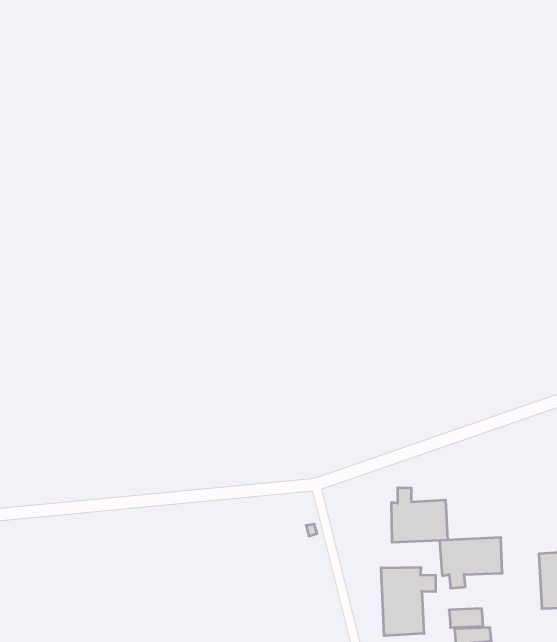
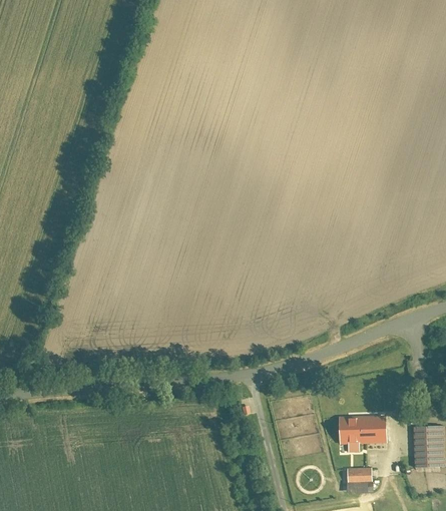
building: [392,488,447,542] -> none
building: [381,567,436,636] -> none

